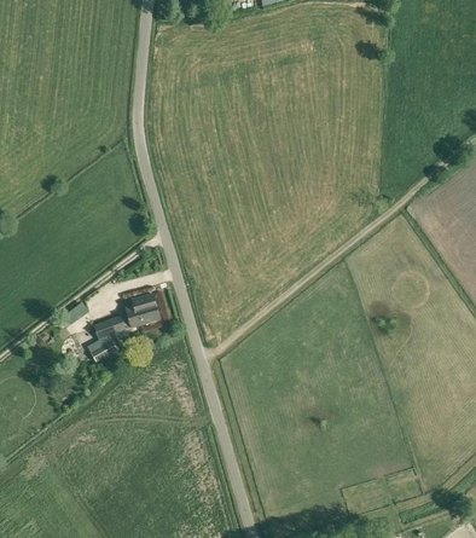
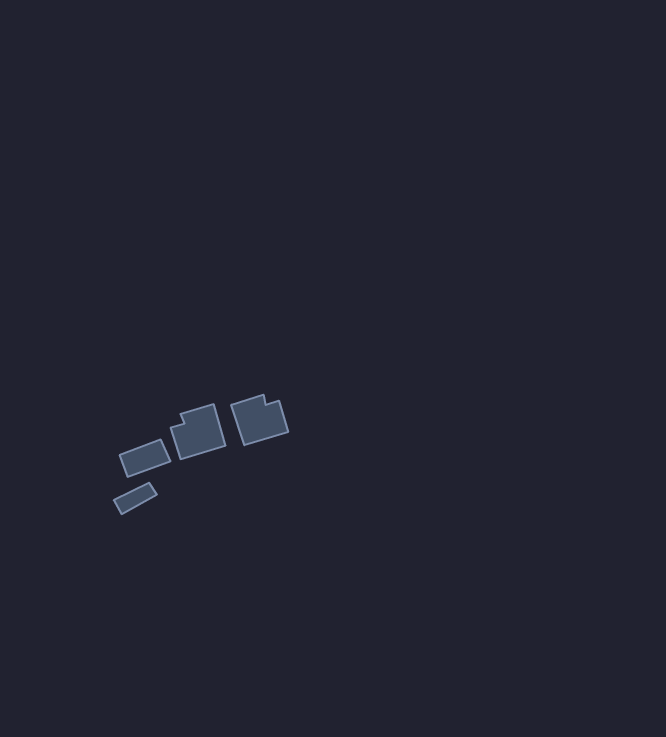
building: none -> [231,395,288,445]

